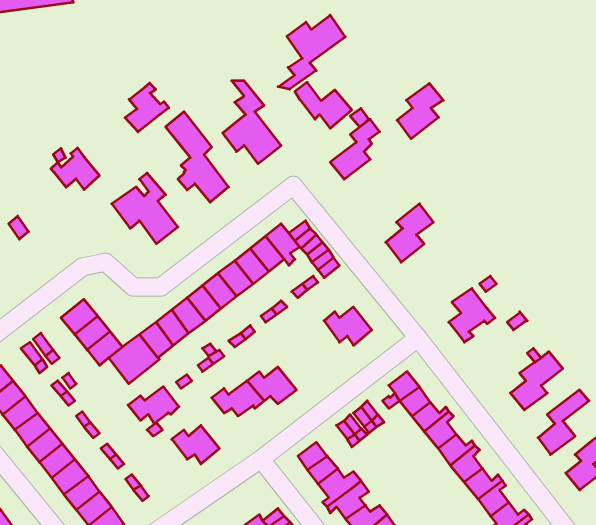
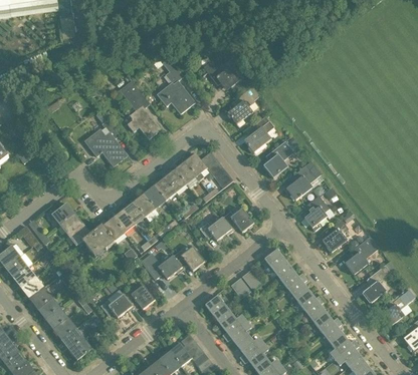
building: [278,15,345,89] -> none
building: [125,83,169,132] -> none
building: [397,83,443,139] -> [243,115,273,151]
building: [51,148,99,190] -> none
building: none -> [285,160,321,200]
building: none -> [199,216,232,240]
building: none -> [322,218,348,252]
building: [128,387,179,424] -> [99,293,133,317]

